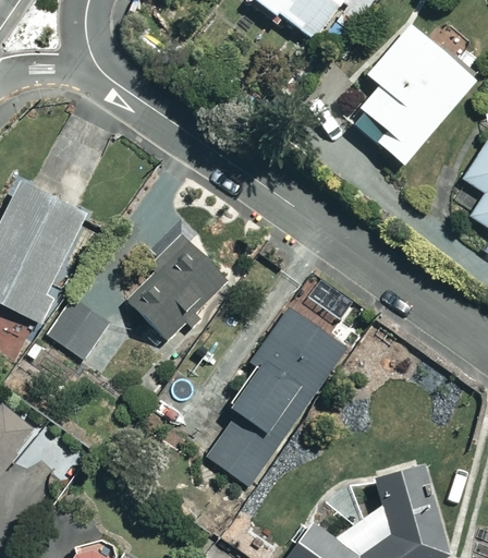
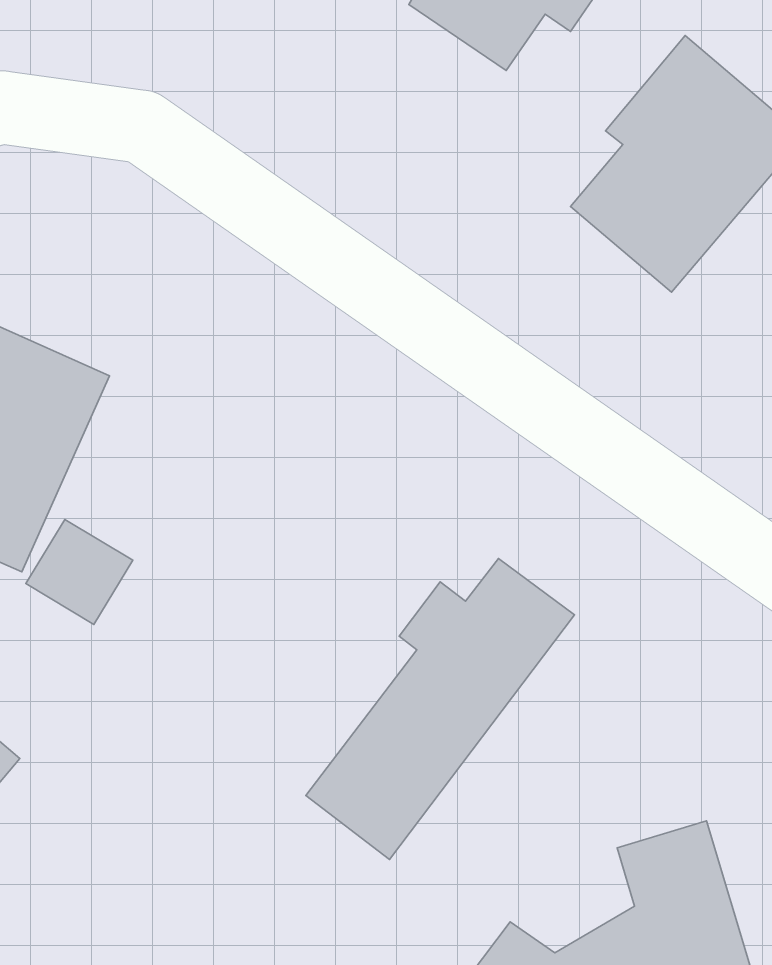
building: [127,242,230,342] -> none

